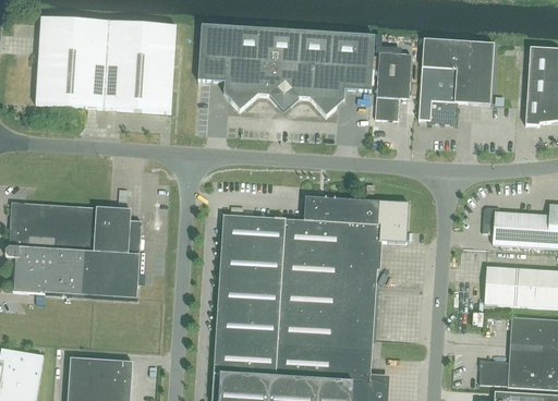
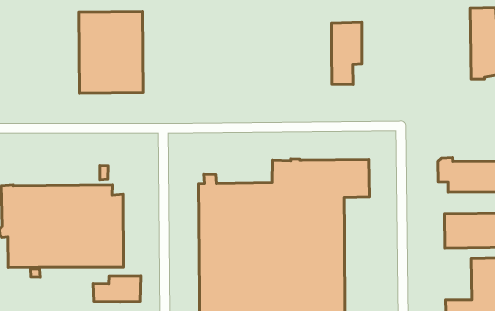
building: [35,16,108,108] -> none
building: [197,24,375,114] -> none
building: [418,38,494,123] -> none
building: none -> [93,276,141,302]

